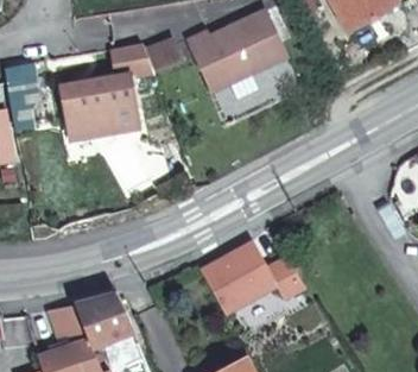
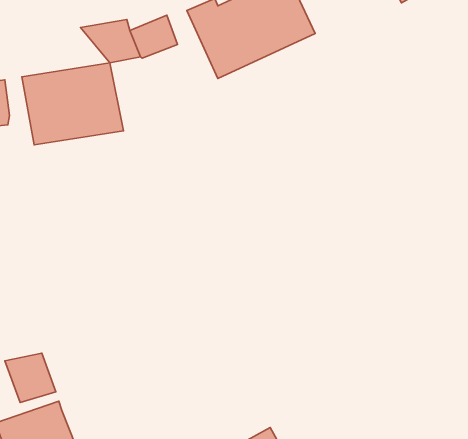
building: [201,242,305,315] -> none
building: [75,292,133,346] -> none

